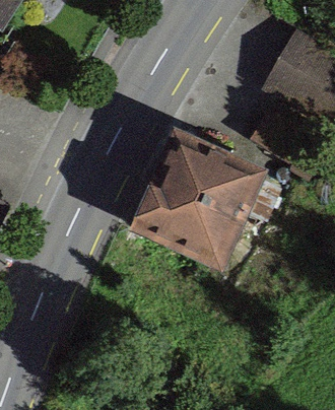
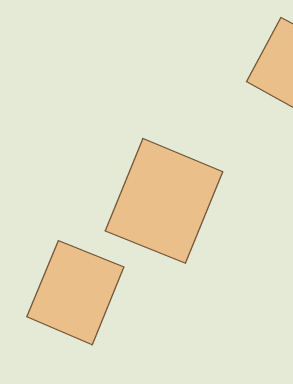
building: none -> [27,241,124,345]

